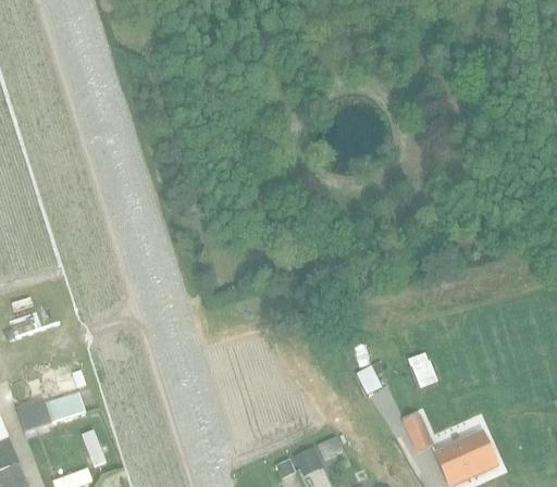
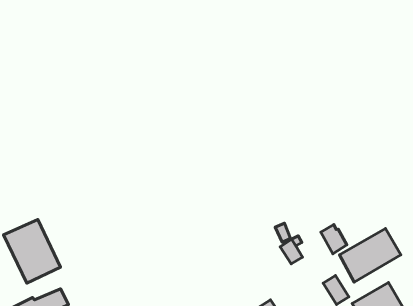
building: none -> [4,220,60,283]
building: none -> [339,228,401,282]

